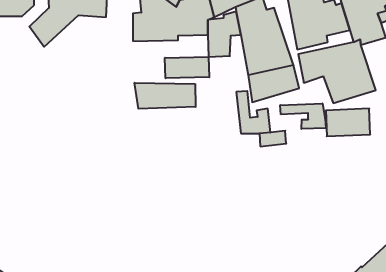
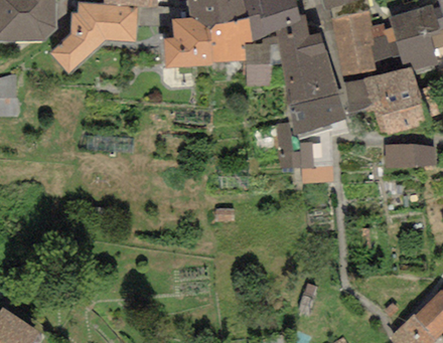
building: [165,57,209,78] -> none
building: [135,83,196,109] -> none
building: [280,103,326,129] -> none

